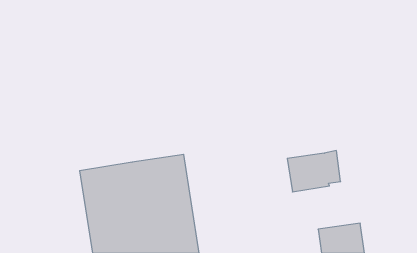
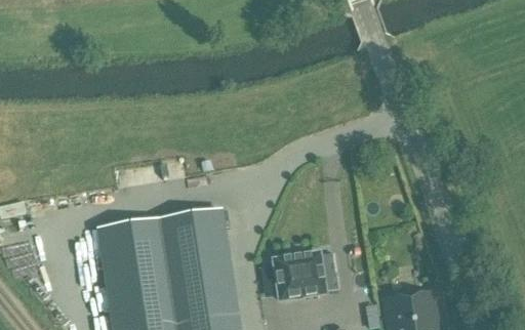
building: [287,151,341,192] -> [274,250,337,299]

